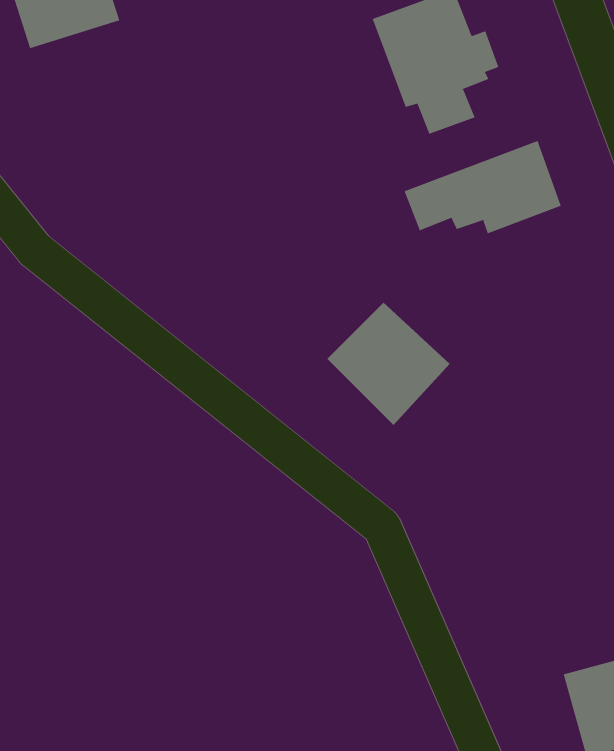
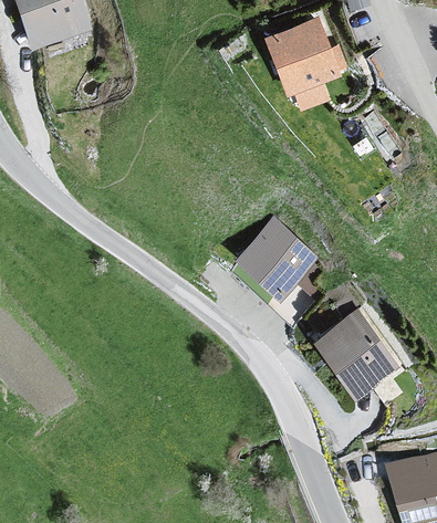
building: [404,140,561,234] -> none
building: none -> [305,311,395,398]

